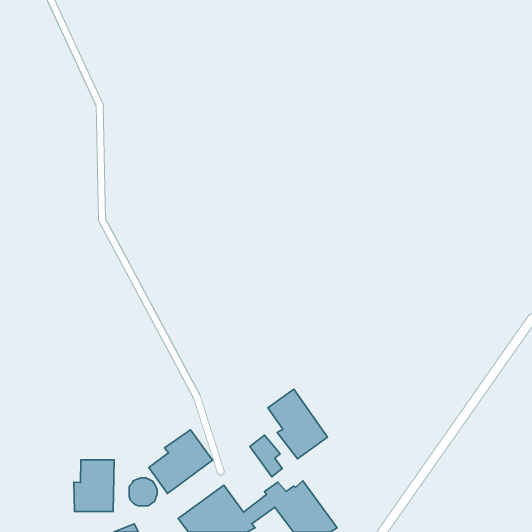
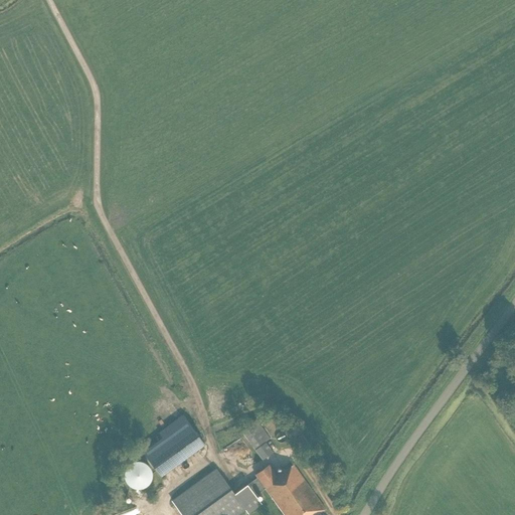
building: [268,389,328,459] -> none
building: [74,460,114,511] -> none

